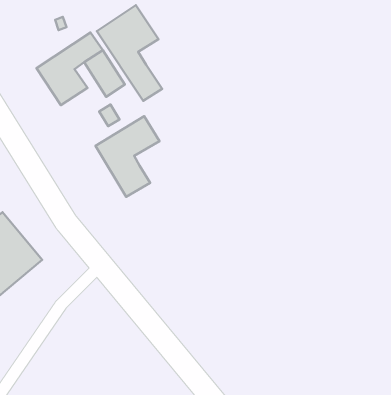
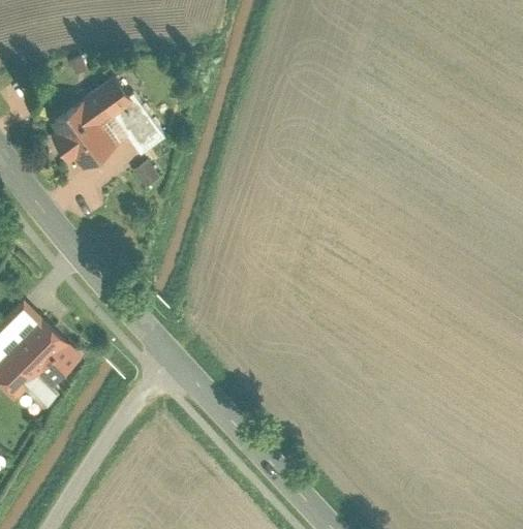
building: [97,5,162,101] -> none
building: [95,116,160,197] -> none

